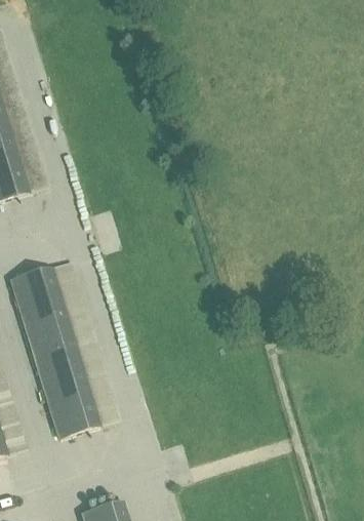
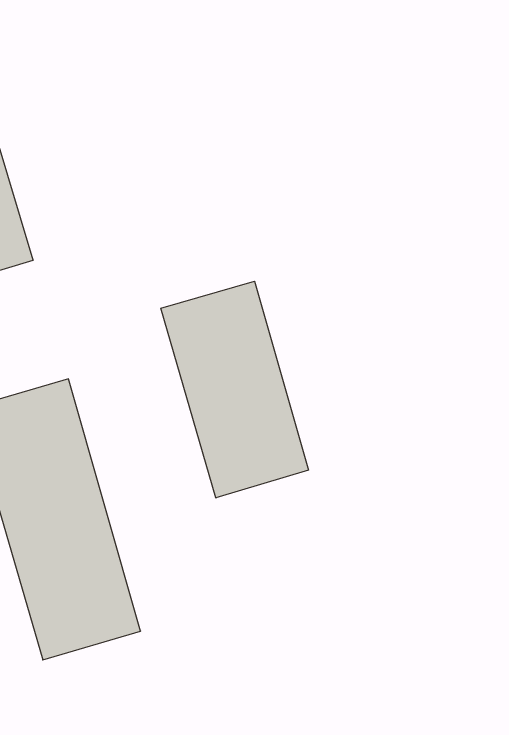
building: none -> [161,281,309,498]

